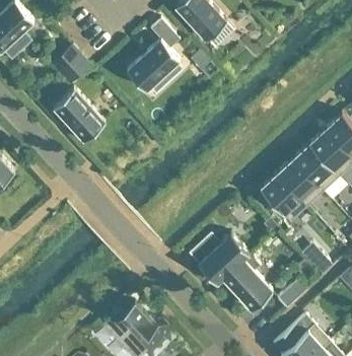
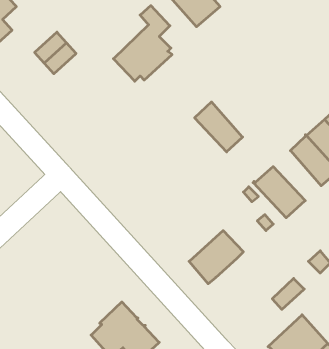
building: [52,87,103,140] -> none
building: [277,157,323,205] -> [195,102,243,152]
building: [222,254,271,309] -> none

